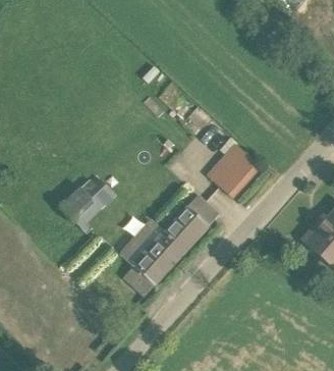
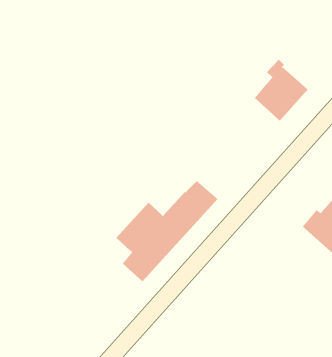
building: [207,136,261,198] -> [254,59,309,121]
building: [60,177,116,226] -> none

